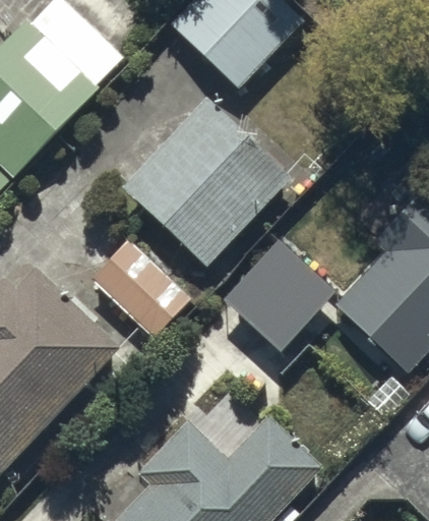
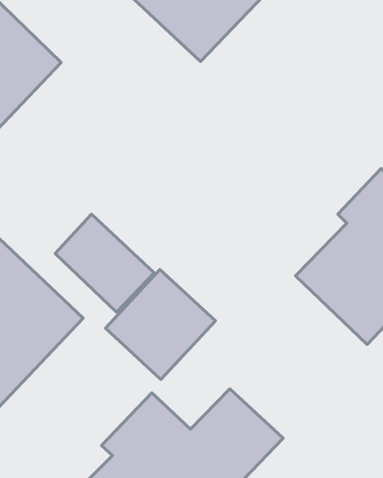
building: [122,97,291,266] -> none
building: [224,239,334,350] -> [105,269,216,380]

